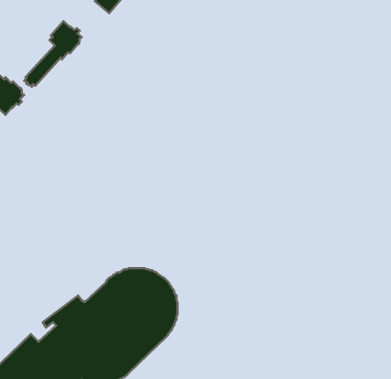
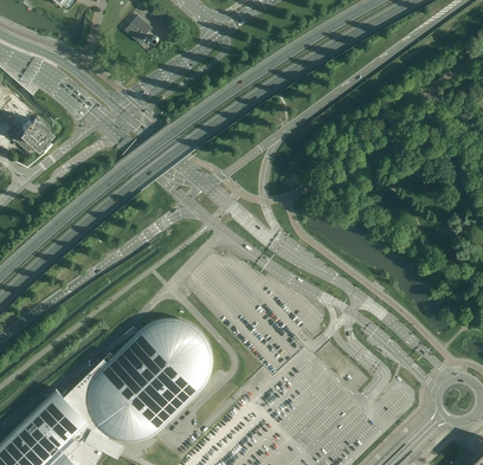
building: [24,21,82,87] -> none

